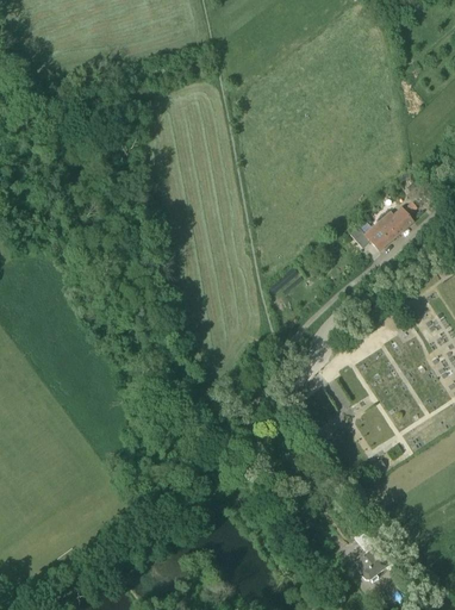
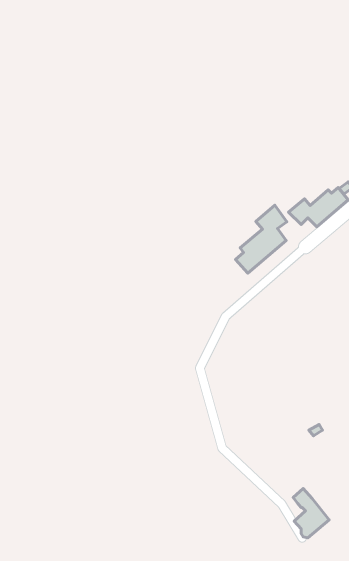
building: none -> [236,205,287,273]

